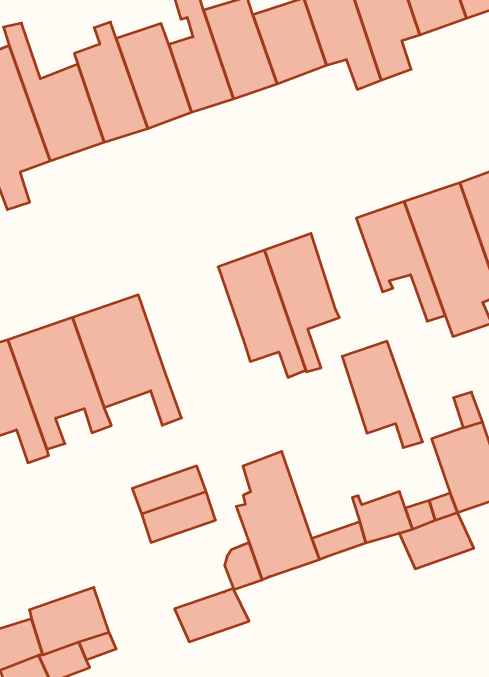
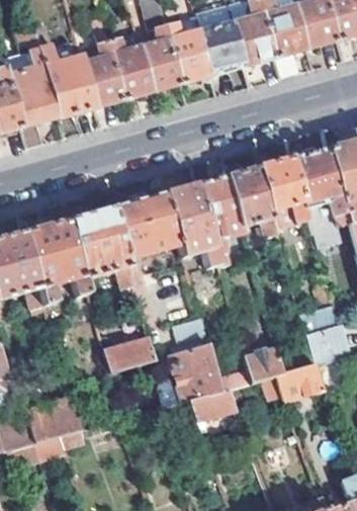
building: none -> [112,193,180,260]
building: [342,341,423,448] -> [229,167,278,238]
building: [175,588,249,642] -> [187,389,236,422]

